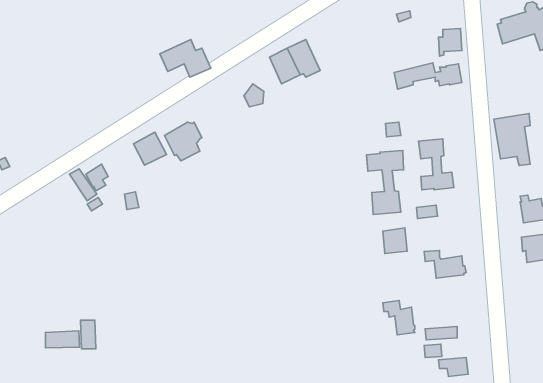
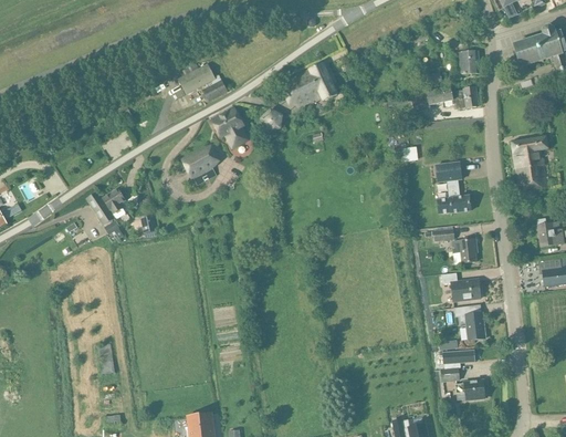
building: none -> [212,108,249,149]
building: [134,132,167,165] -> none
building: [366,151,404,215] -> none
building: [383,228,407,253] -> [452,238,476,263]
building: [383,301,415,335] -> [454,305,486,340]
building: [45,331,80,348] -> none

